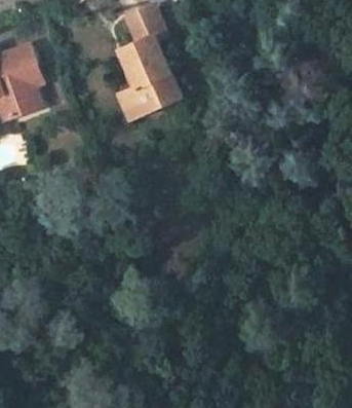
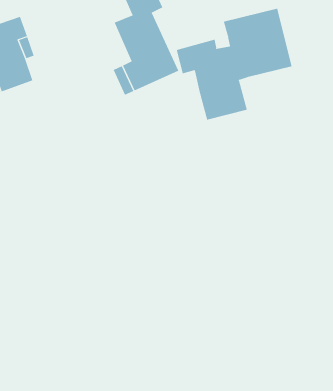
building: none -> [176,8,292,120]

